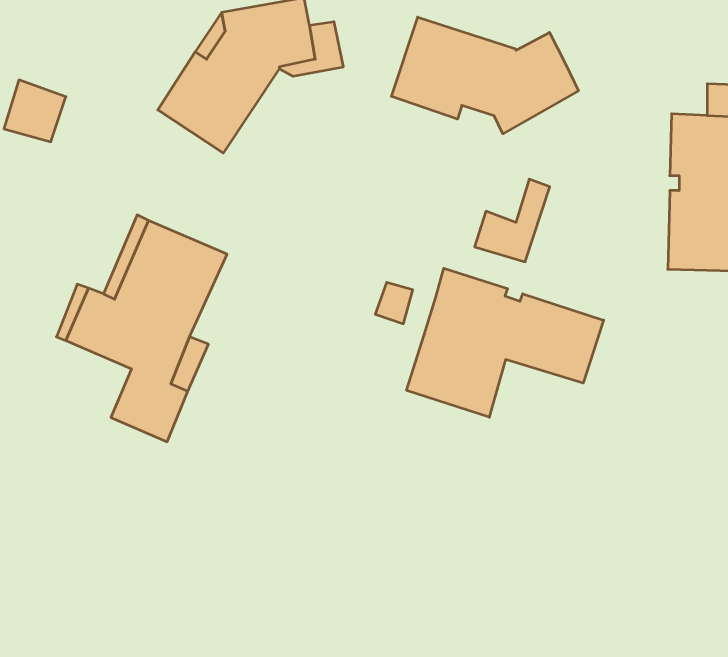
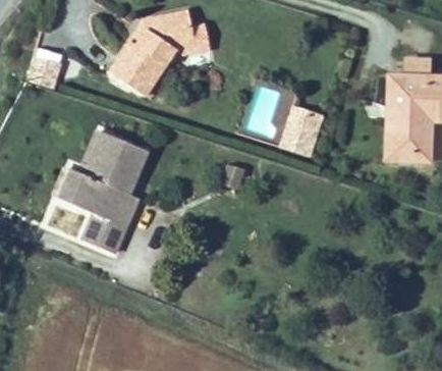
building: [391,17,578,134] -> none
building: [407,268,604,417] -> none

